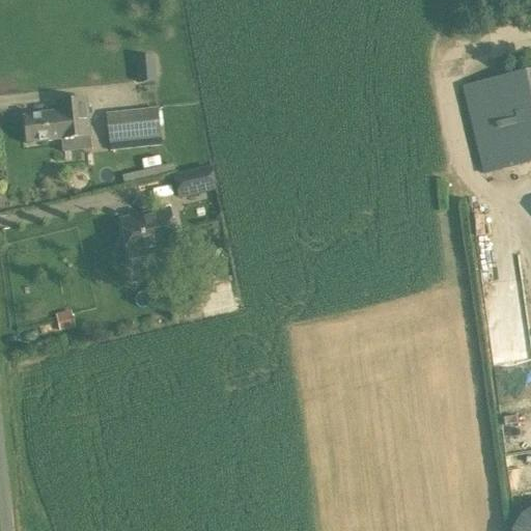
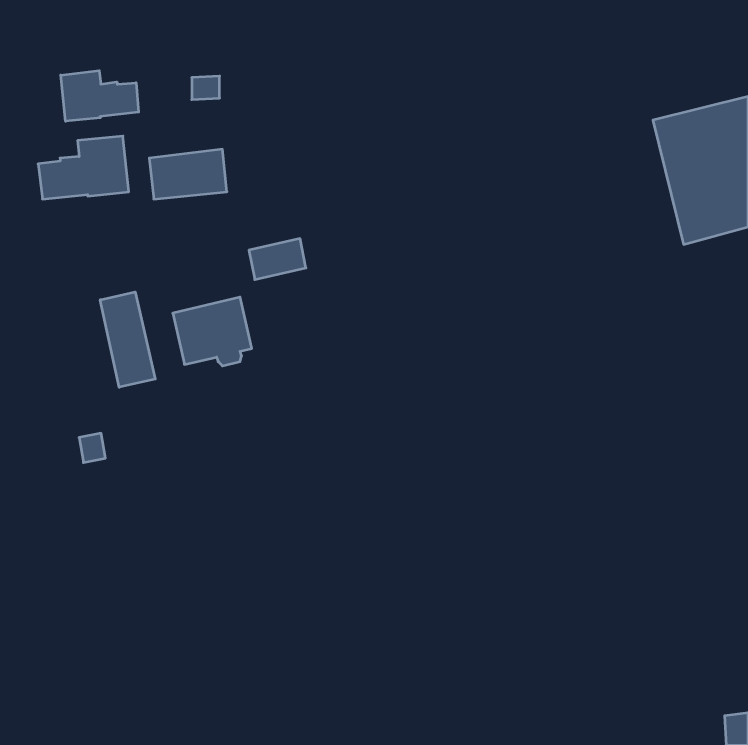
building: none -> [61,71,139,121]
building: none -> [100,292,155,387]

